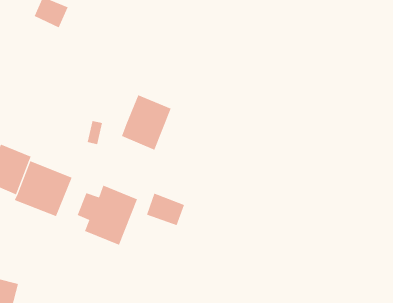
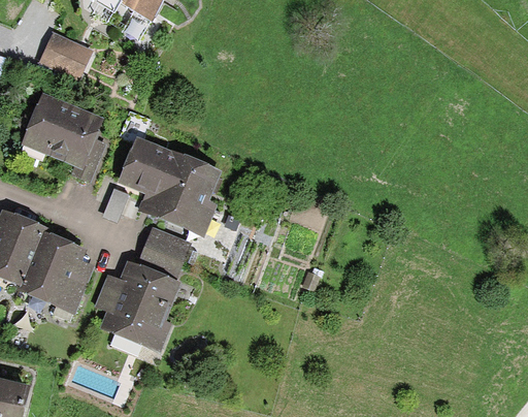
building: none -> [29,99,102,166]
building: none -> [124,141,172,192]
building: [146,193,185,226] -> [145,225,193,265]

